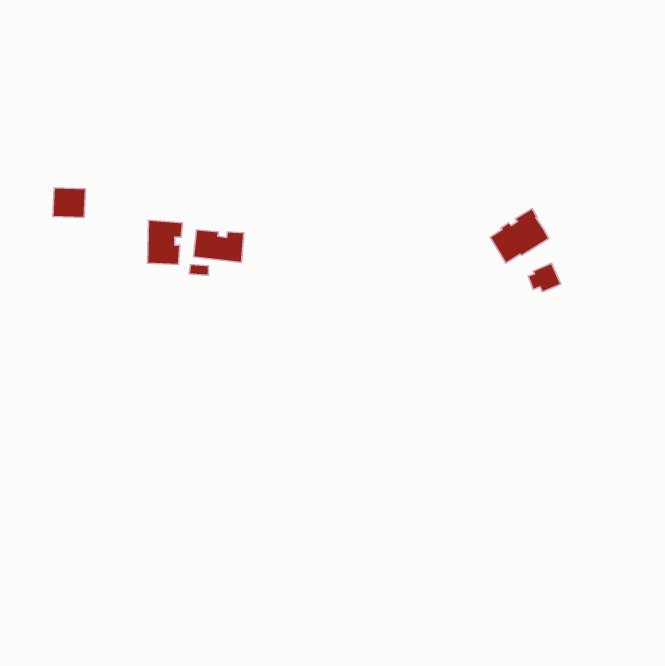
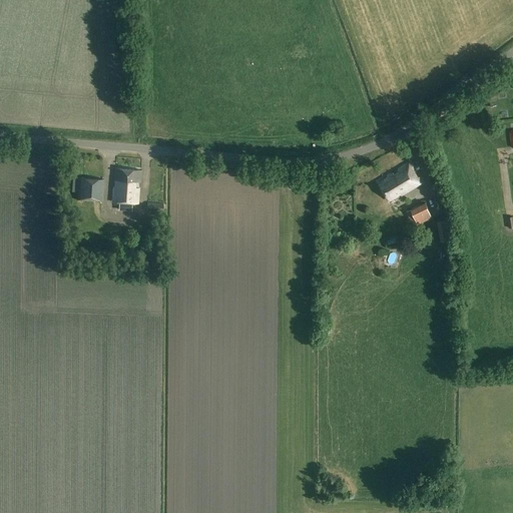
building: [53,188,86,218] -> [78,178,103,201]
building: [193,230,244,262] -> none

